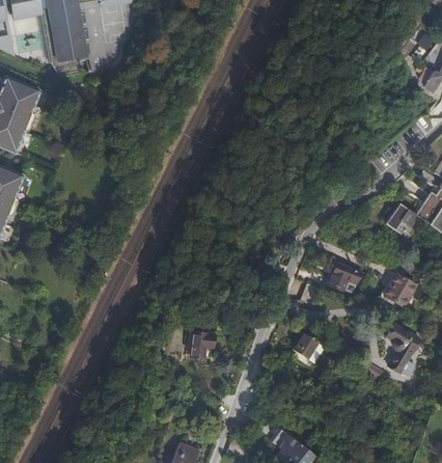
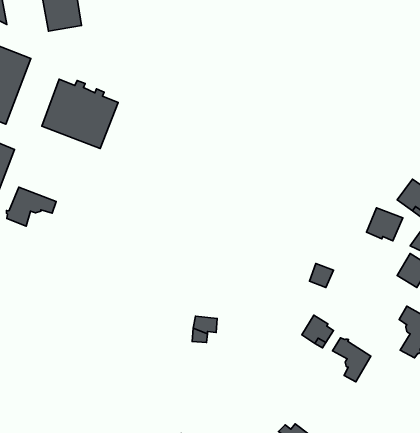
building: none -> [42,79,118,149]
building: none -> [6,187,56,226]
building: [326,261,360,292] -> [367,208,403,241]
building: none -> [332,338,371,382]

